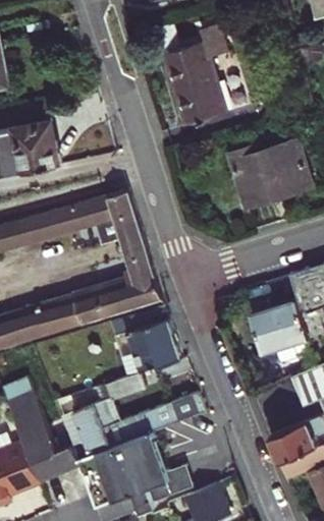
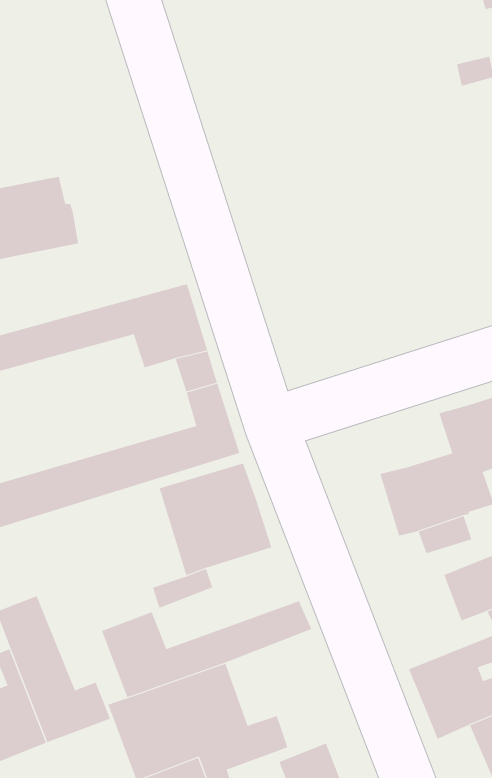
building: [163,25,226,125] -> none
building: [229,140,310,207] -> none

